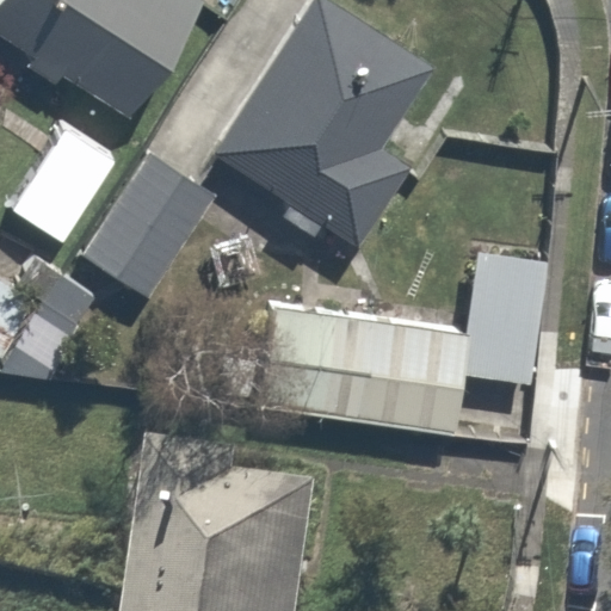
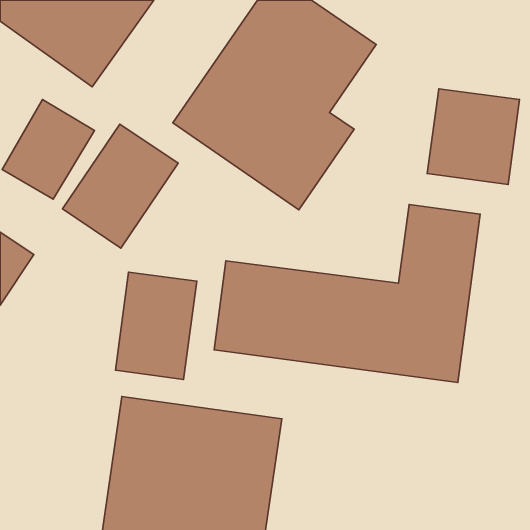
building: none -> [427,89,520,184]
building: none -> [115,272,197,379]

